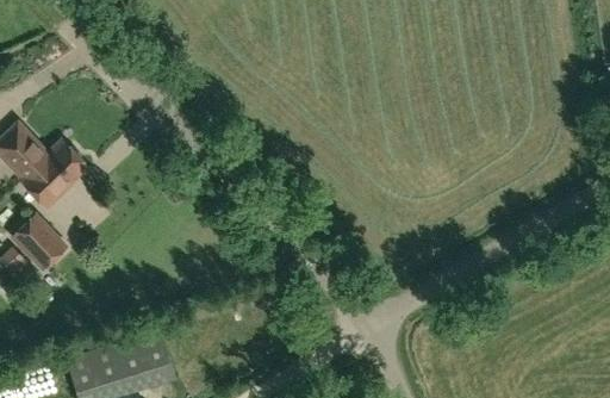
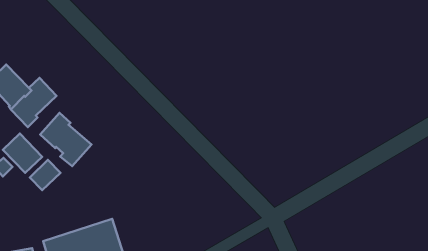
building: none -> [40,113,91,166]
building: none -> [30,160,60,190]

